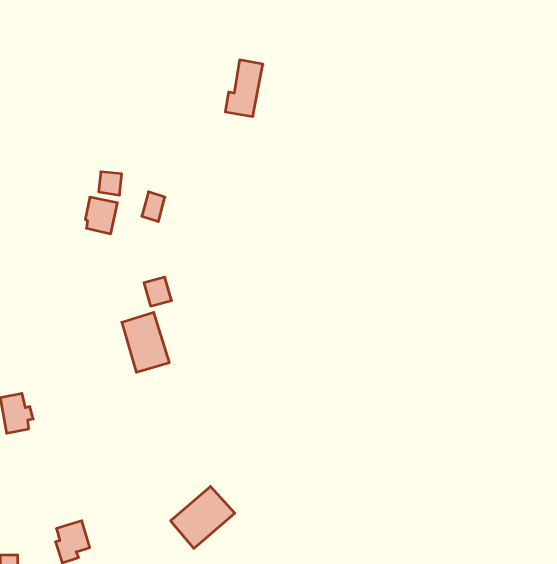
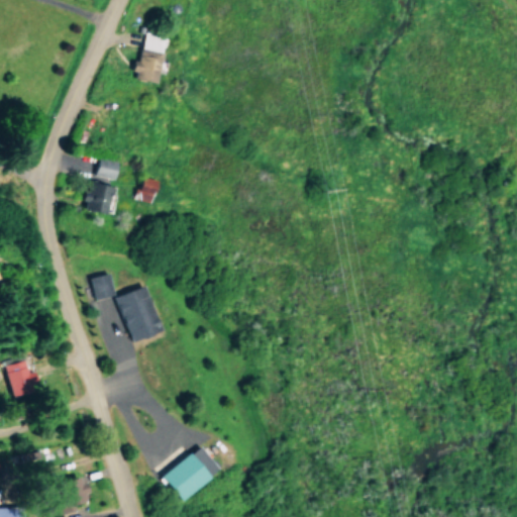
building: [225,60,263,116] -> [134,31,169,83]
building: [144,277,172,306] -> [92,274,117,300]

